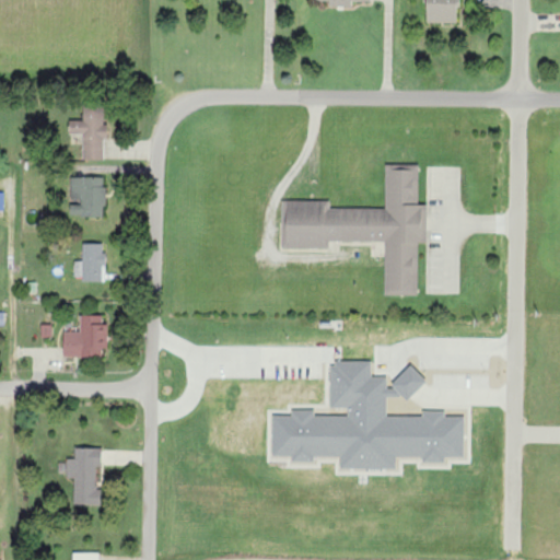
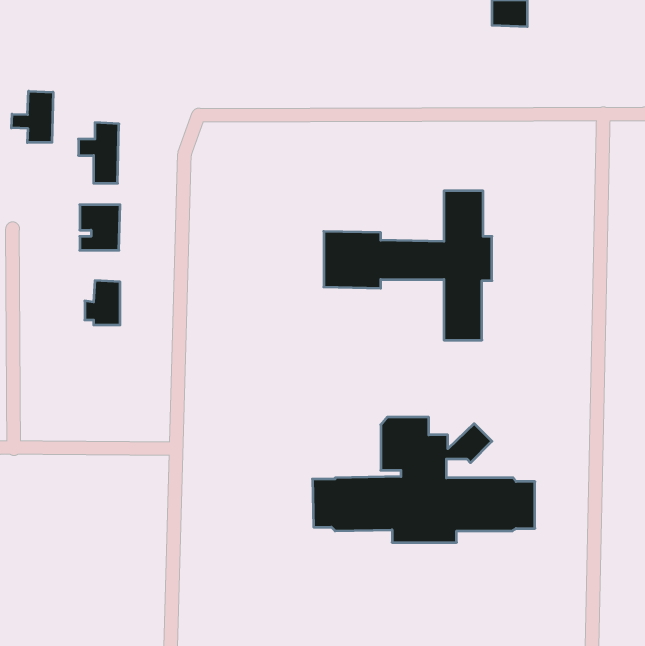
building: none -> [11,91,53,143]
building: [62,315,105,358] -> none
building: [58,447,101,505] -> none

